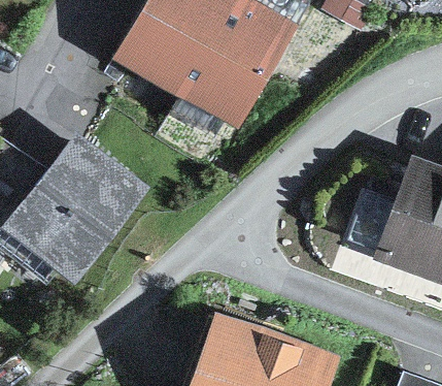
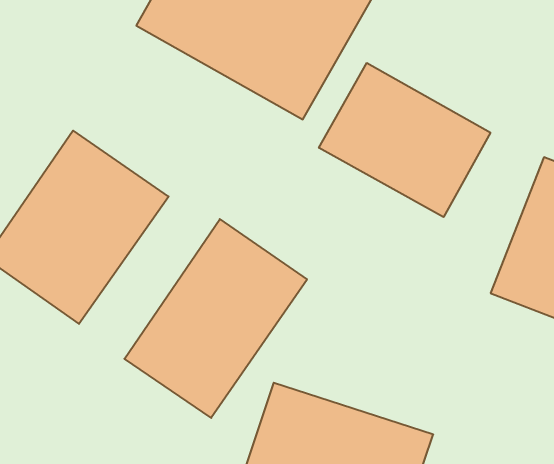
building: none -> [319,63,490,217]
building: none -> [124,219,307,418]

